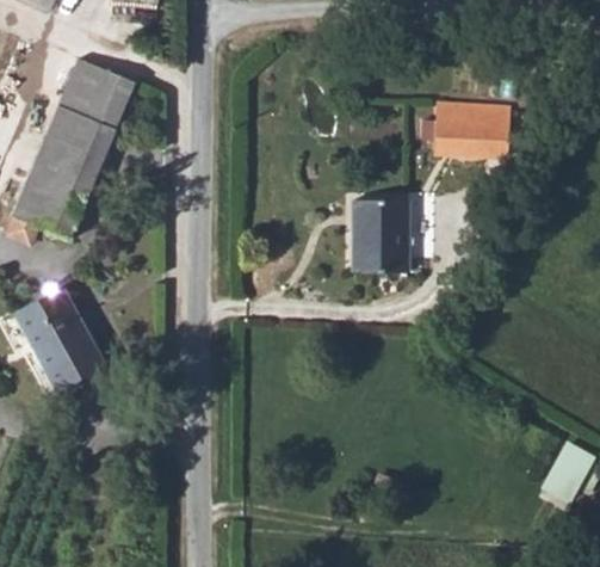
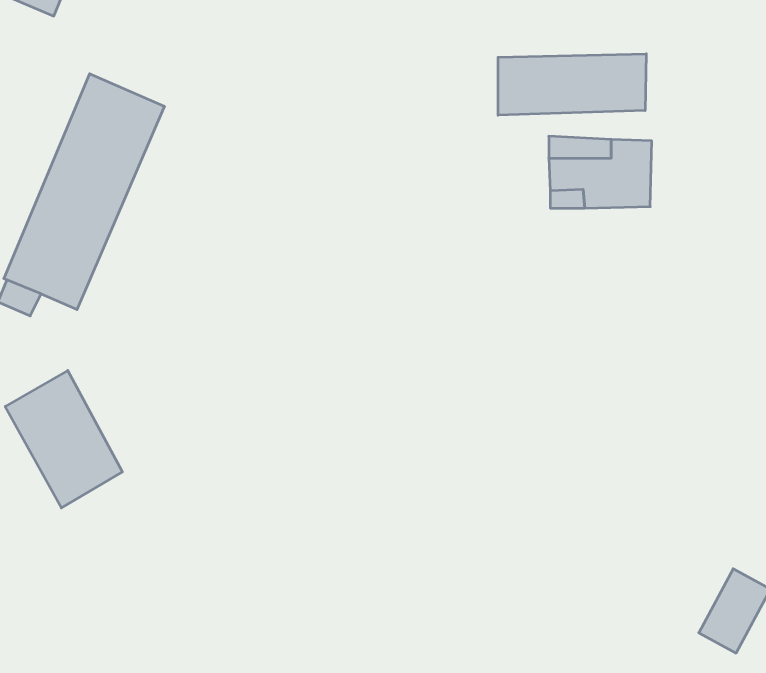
building: none -> [498,54,646,115]
building: [355,195,410,266] -> none

